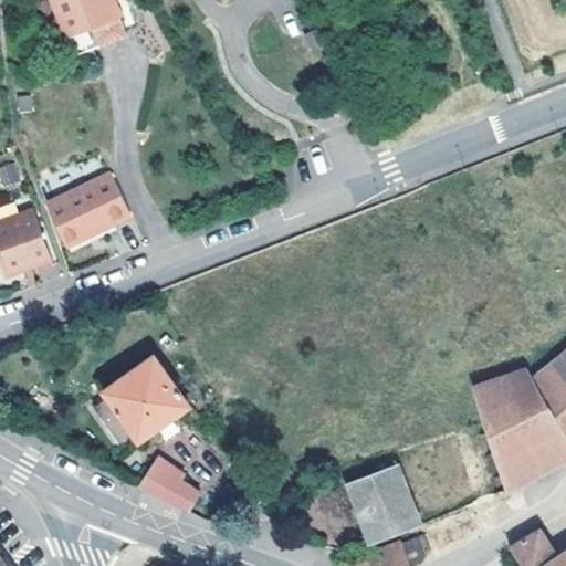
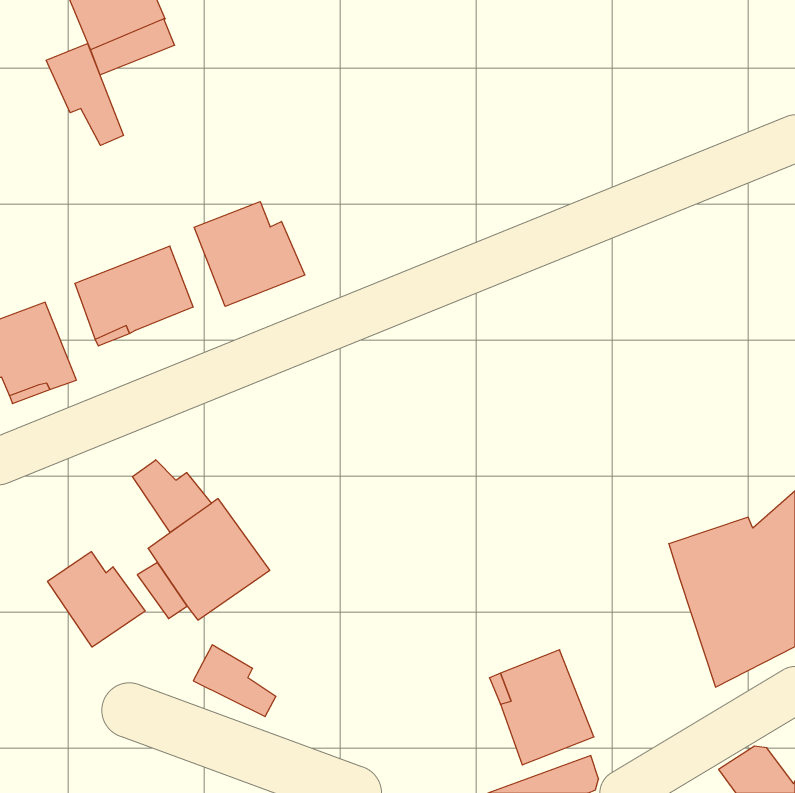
building: none -> [46,43,124,145]
building: none -> [194,202,305,306]
building: none -> [132,460,211,533]
building: none -> [48,552,145,647]

